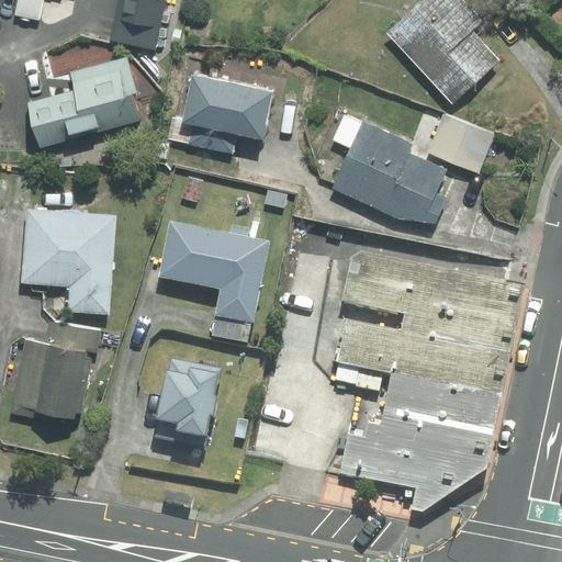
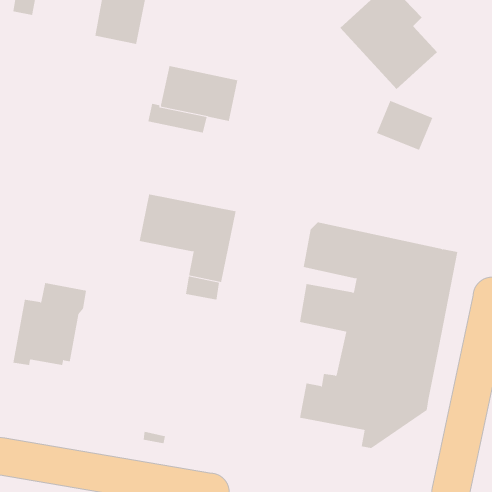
building: [30,55,136,146] -> none
building: [333,113,446,222] -> none
building: [20,207,115,321] -> none
building: [154,357,221,446] -> none

